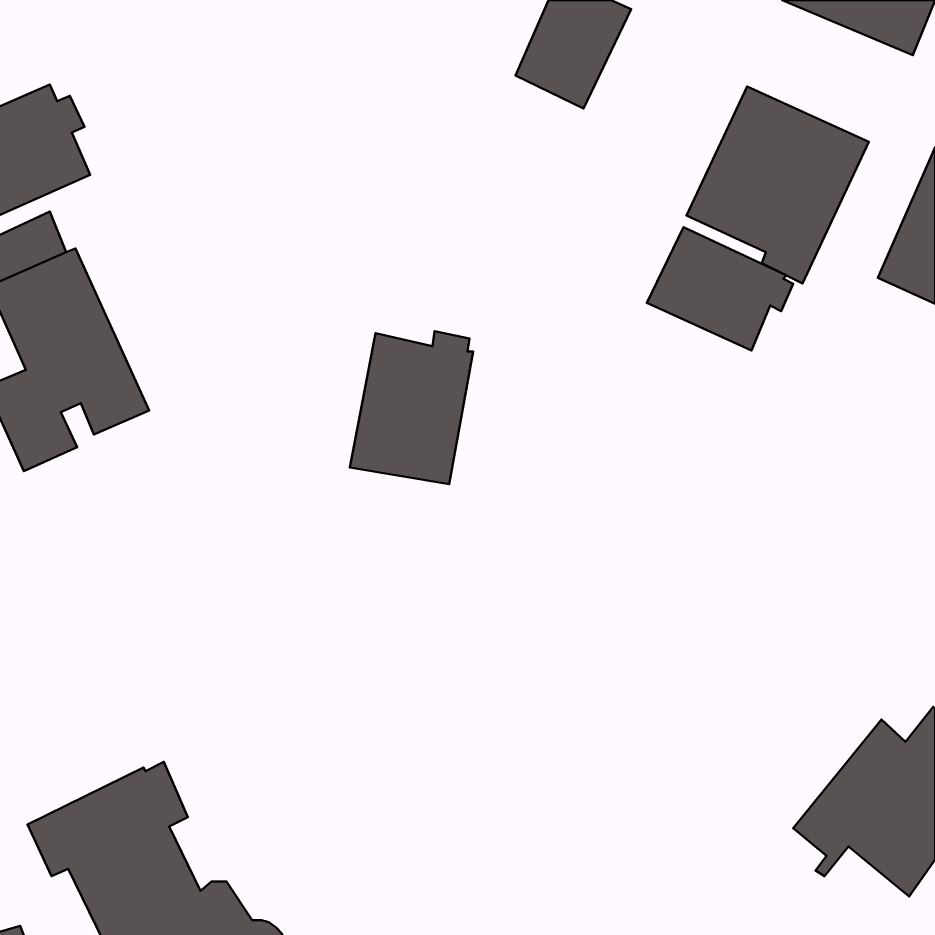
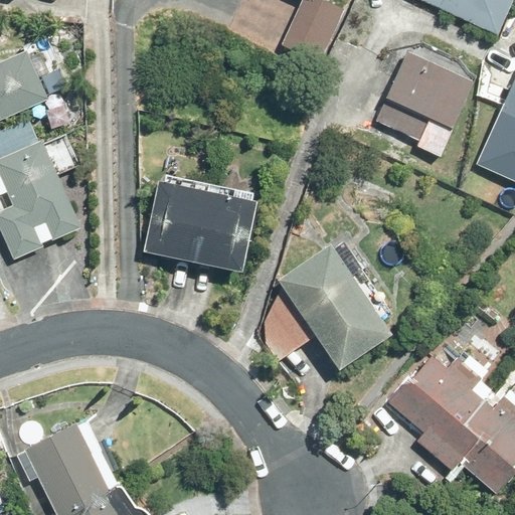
building: [647,227,793,350] -> none
building: none -> [146,177,205,259]
building: none -> [265,237,396,368]
building: none -> [389,353,490,456]

